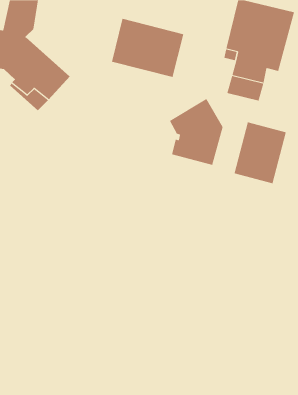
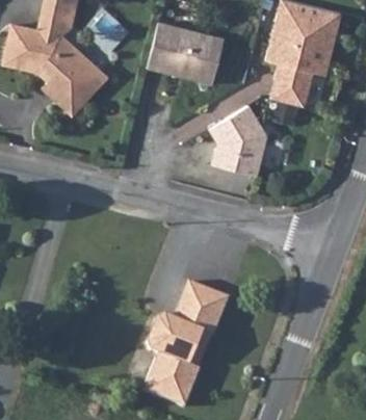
building: [234,122,286,184] -> none
building: none -> [143,278,230,406]

